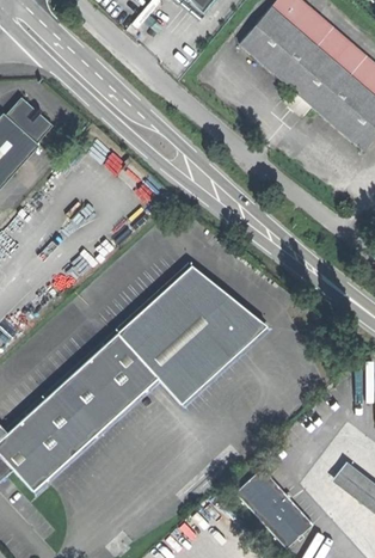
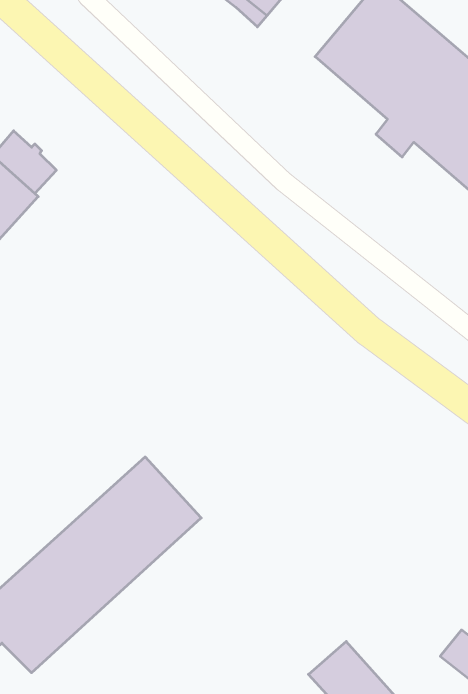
building: [117,268,266,405] -> none

